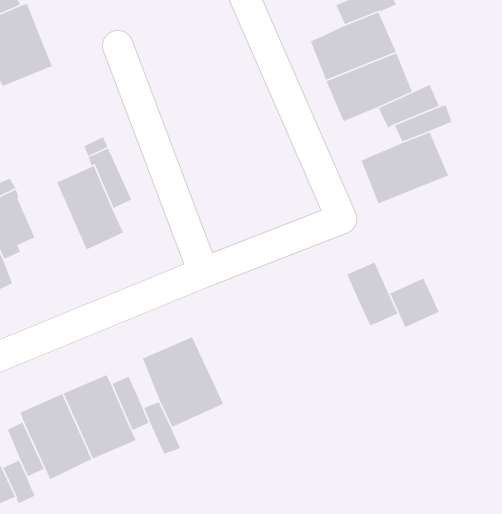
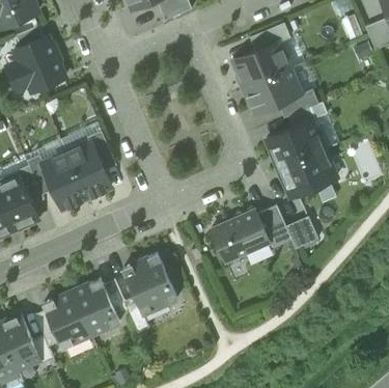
building: none -> [277,148,336,196]
building: none -> [41,153,86,207]
building: none -> [210,209,269,260]

